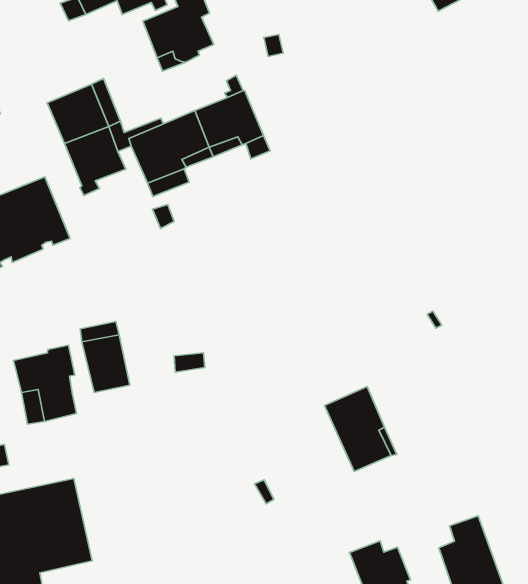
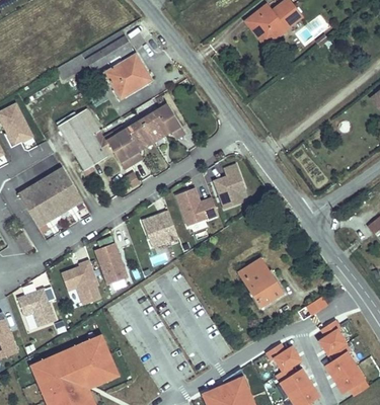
building: none -> [213,164,245,210]
building: none -> [175,187,218,226]
building: none -> [141,211,177,248]

